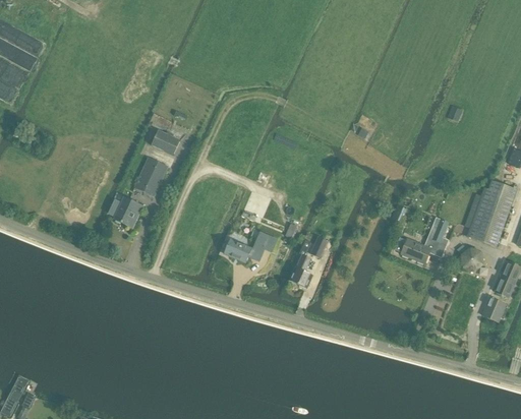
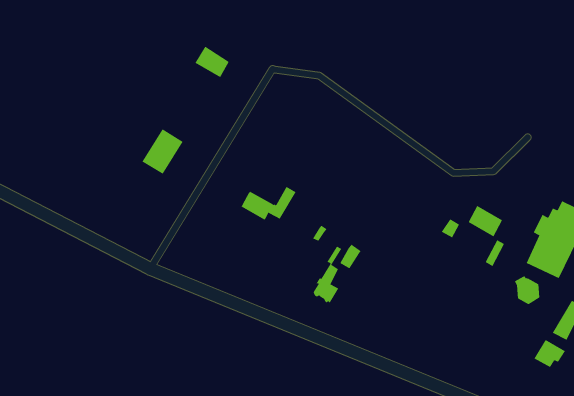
building: [151,128,180,154] -> [194,46,230,78]
building: [108,196,142,225] -> none
building: [224,231,270,261] -> [240,186,296,220]
building: [401,237,430,262] -> [468,205,503,237]

